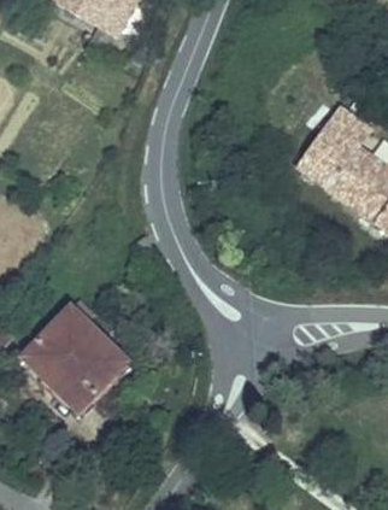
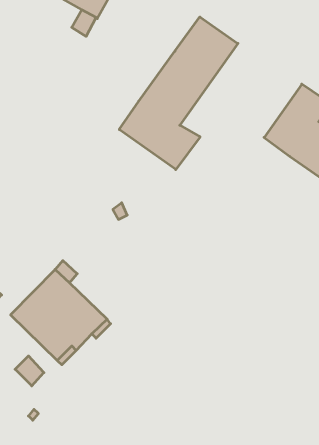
building: none -> [119,17,238,170]

